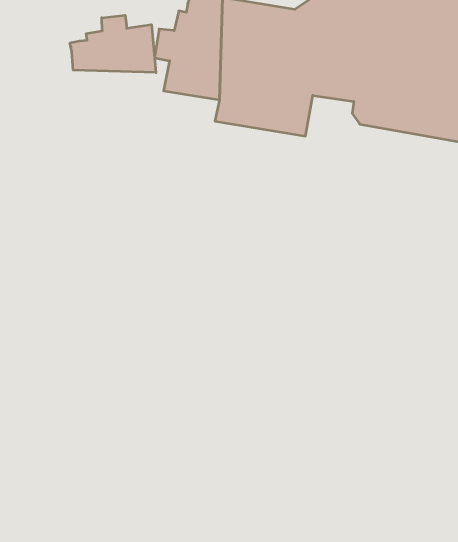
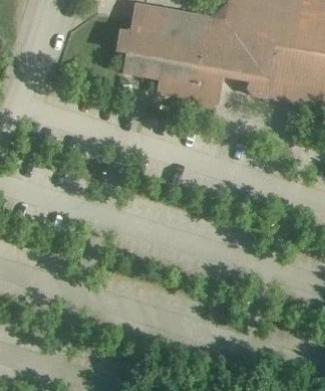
building: [70,15,156,73] -> none

